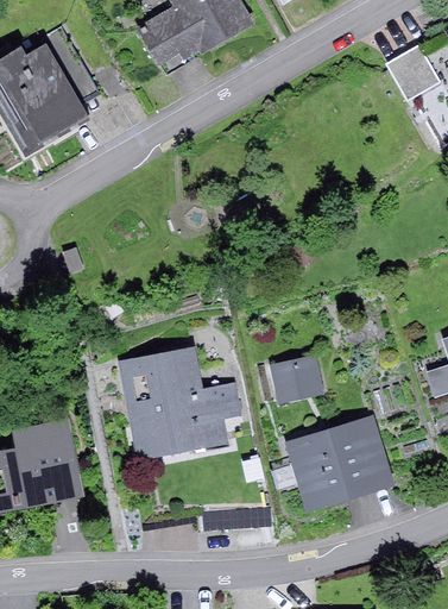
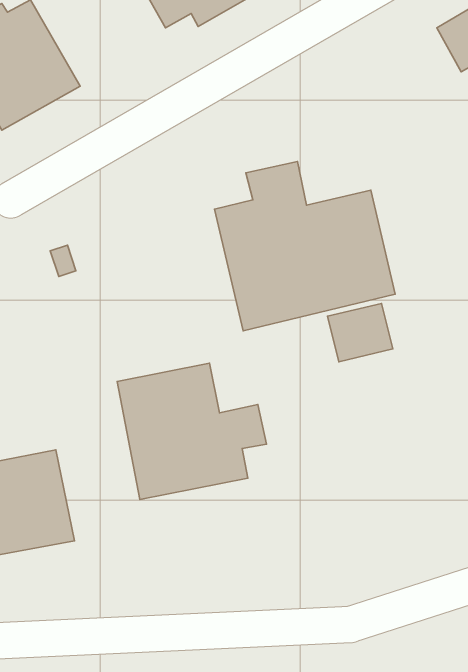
building: none -> [214,161,395,331]
building: [269,354,323,403] -> [327,303,393,362]
building: [286,415,395,510] -> none

